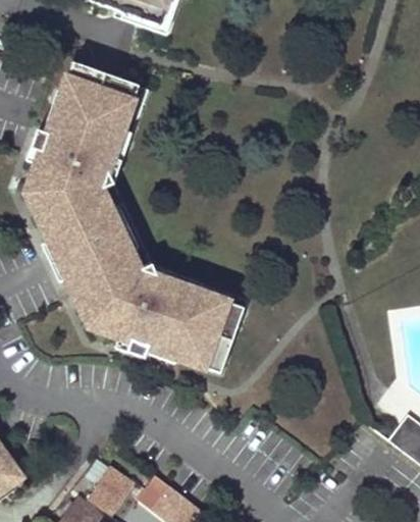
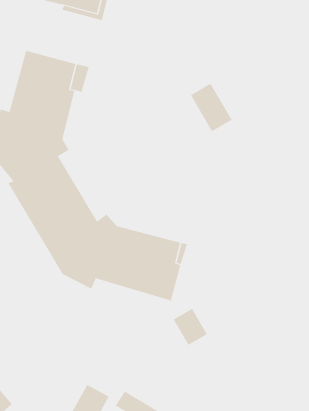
building: none -> [190,83,232,132]
building: none -> [173,308,208,346]

